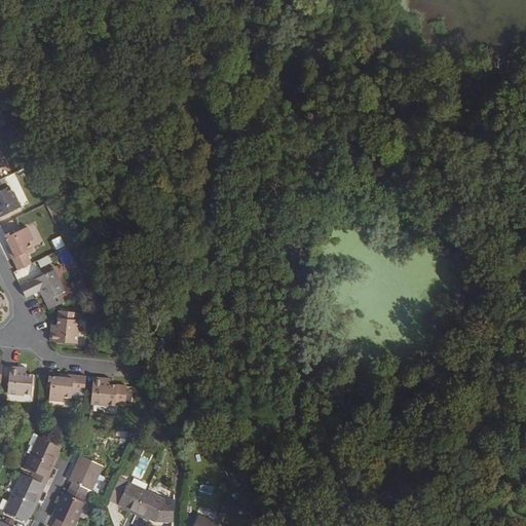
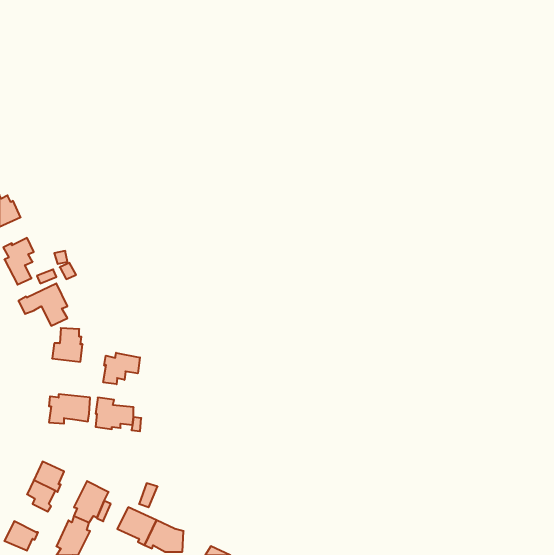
building: none -> [103,353,140,384]
building: [5,366,32,396] -> none
building: [13,473,45,503] -> none

